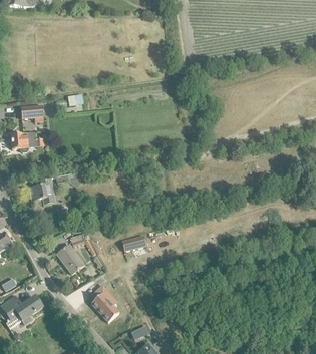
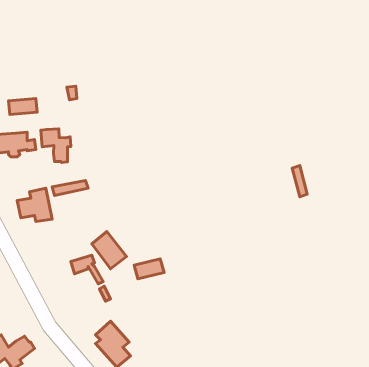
building: none -> [41,129,71,162]
building: [56,245,84,275] -> [92,232,127,269]

